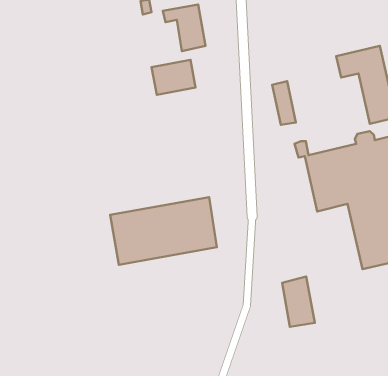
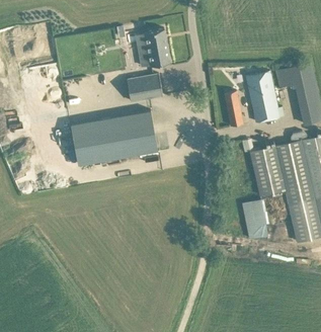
building: none -> [246,72,285,122]
building: [110,197,217,265] -> [71,110,157,165]
building: [282,277,315,327] -> [242,198,268,239]

